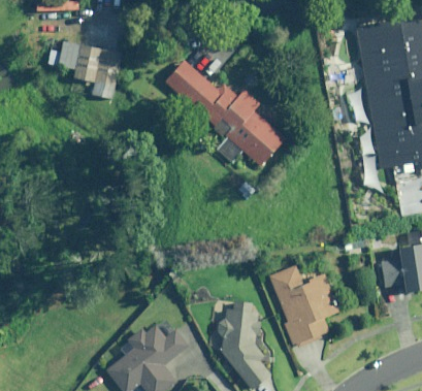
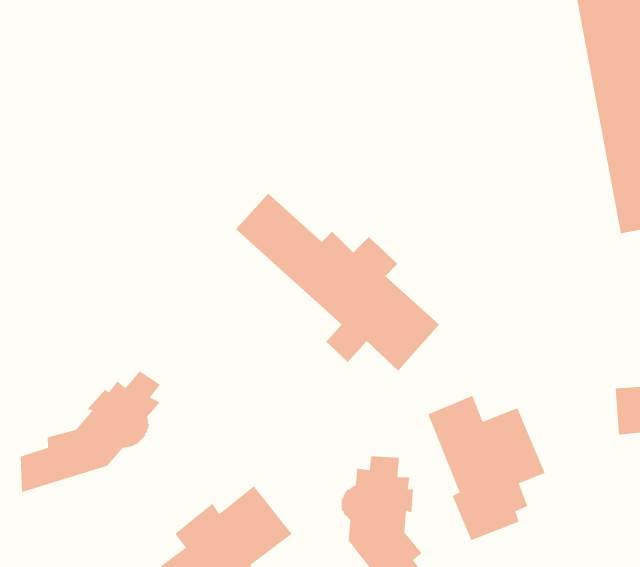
building: [58,42,123,100] -> none
building: [163,61,285,167] -> [235,193,440,371]
building: none -> [20,370,161,493]

